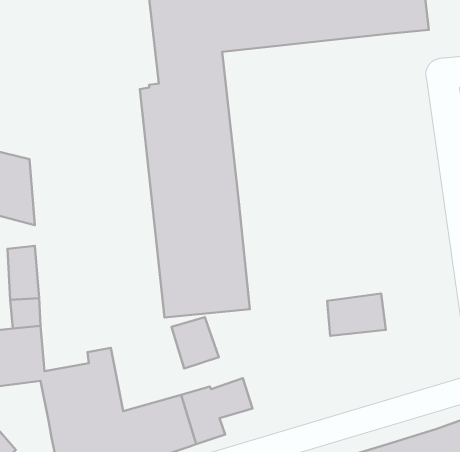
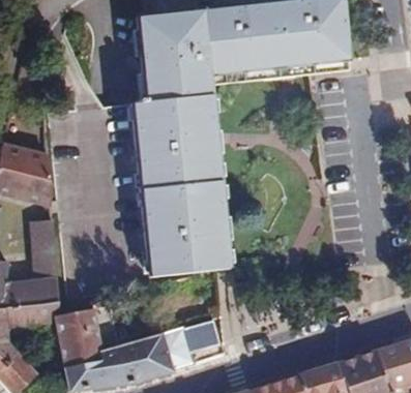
building: none -> [194,58,350,268]
building: [327,294,386,336] -> none
building: [171,317,219,368] -> none

